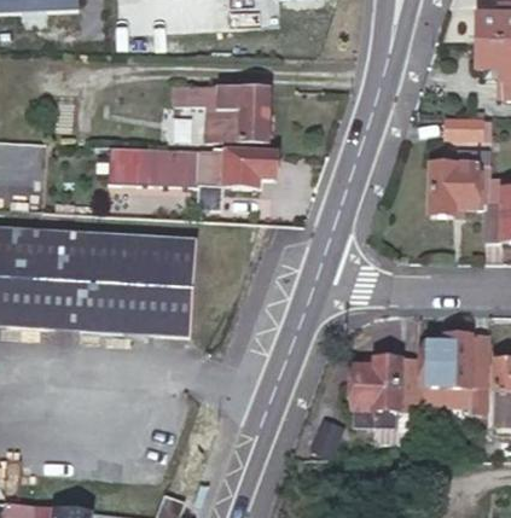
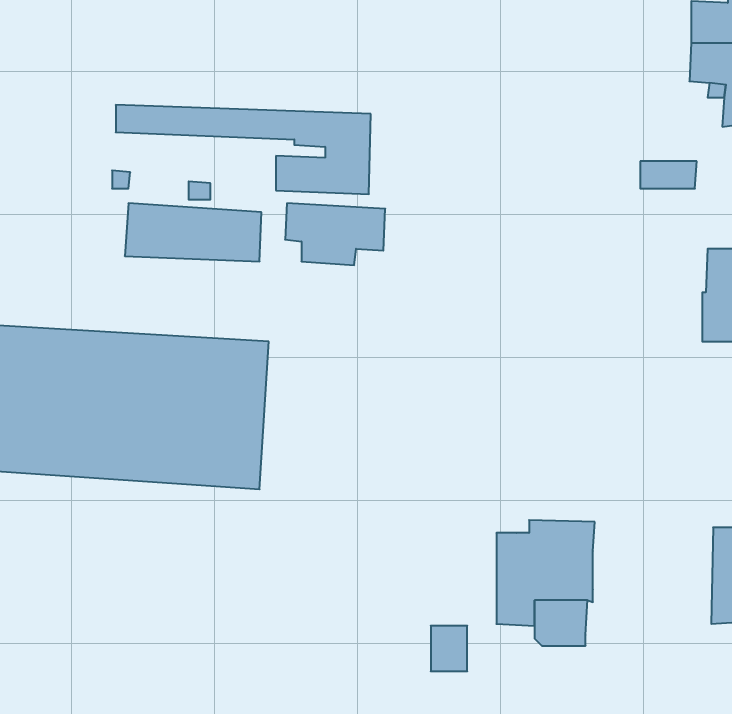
building: [429,150,492,214] -> none
building: [414,334,488,412] -> none

